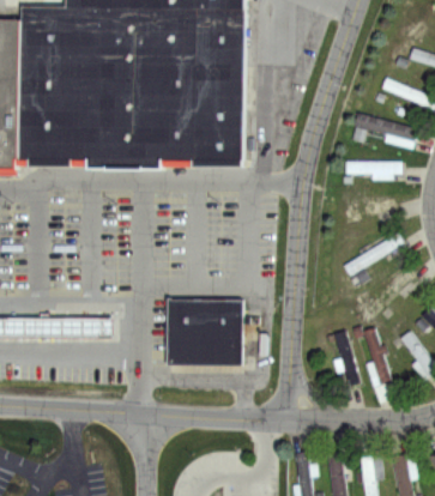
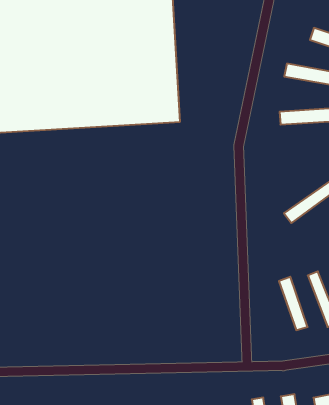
building: [167,304,243,369] -> none

